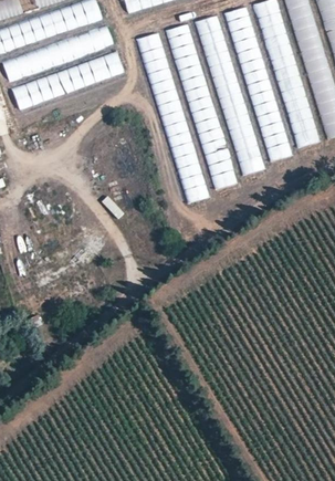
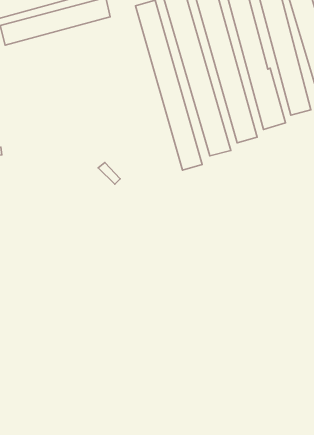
building: [11,52,125,107] -> none

